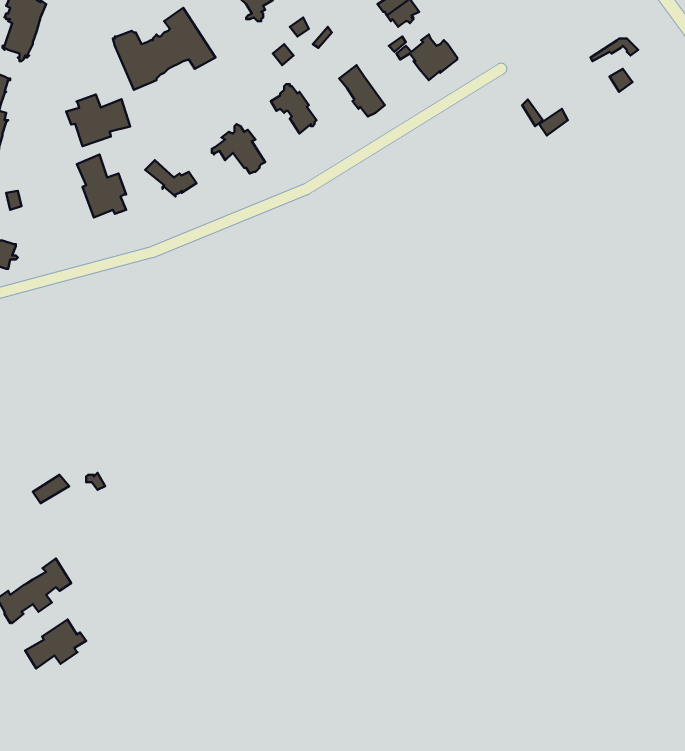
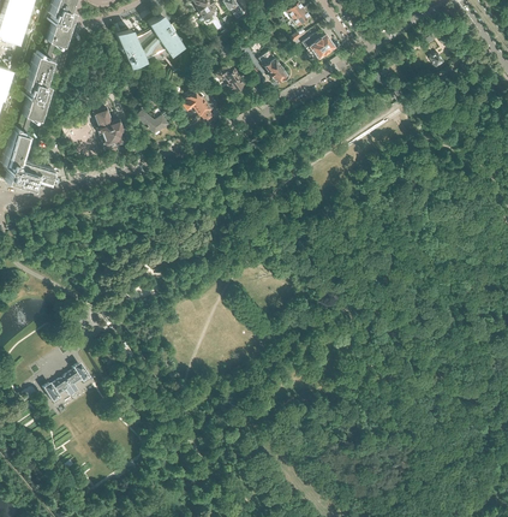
building: [66,94,130,146] -> none
building: [25,620,86,669] -> none

